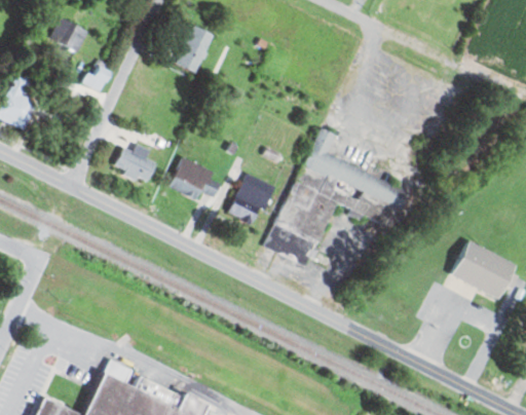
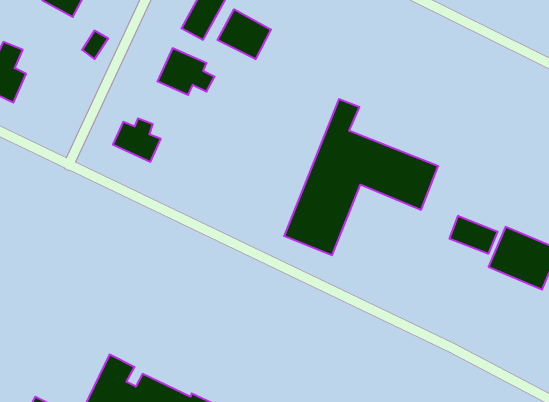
building: none -> [217,9,271,59]
building: [170,158,221,200] -> [157,48,215,95]
building: [229,174,273,227] -> none
building: none -> [450,216,497,254]

